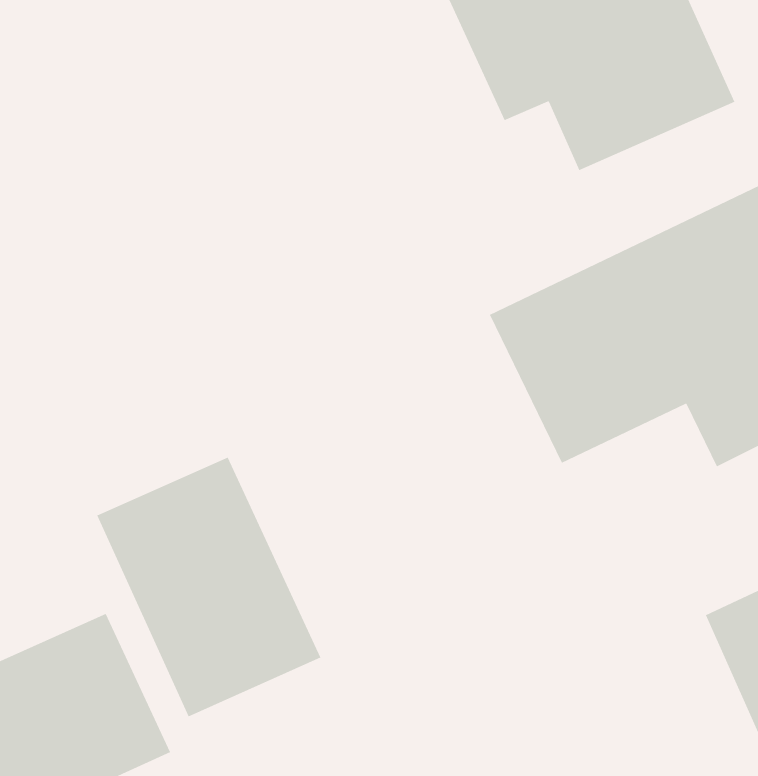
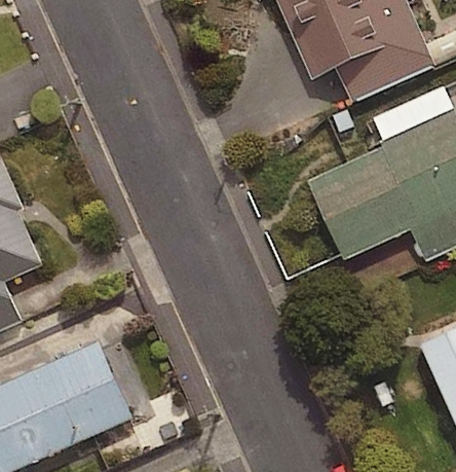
building: [96,456,321,718] -> none

